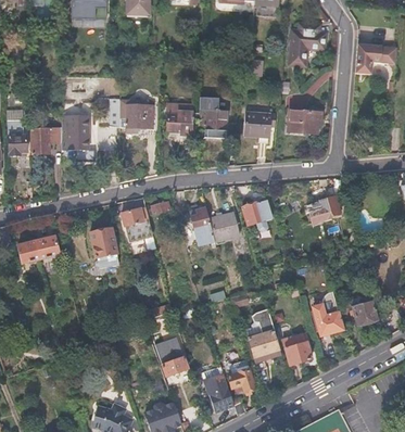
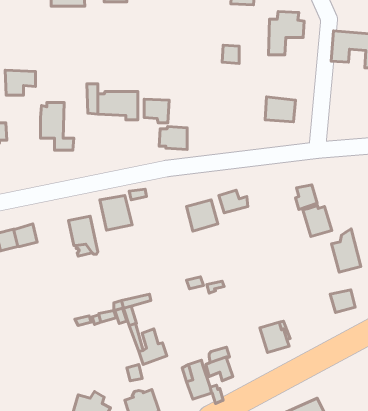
building: [198,107,226,130] -> [159,127,187,149]
building: [243,114,275,143] -> none
building: [31,128,62,153] -> [5,70,35,95]
building: [189,204,212,236] -> none
building: none -> [303,206,332,237]
building: [314,291,343,334] -> [332,229,361,272]
building: [246,310,278,357] -> none

